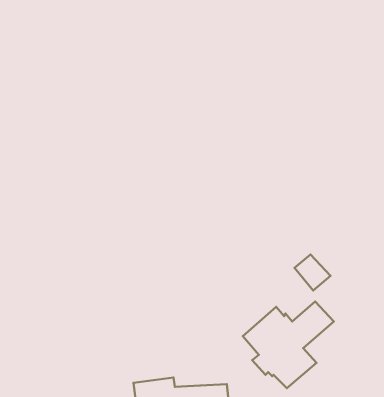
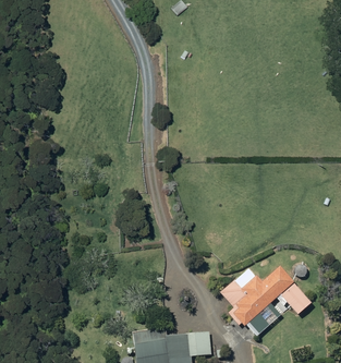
building: [295,254,331,291] -> [283,285,313,314]

